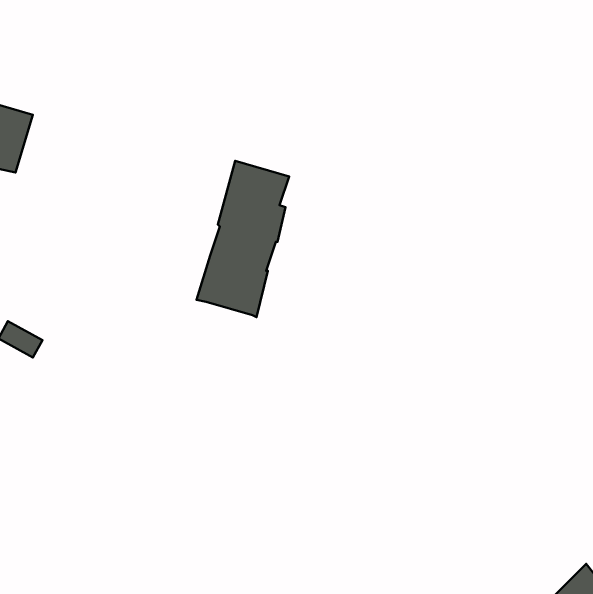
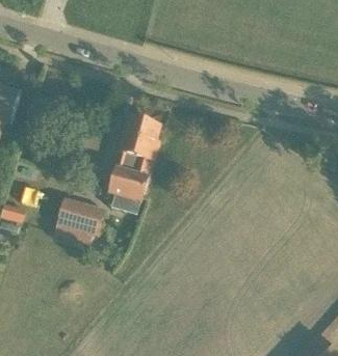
building: none -> [56,199,103,236]

